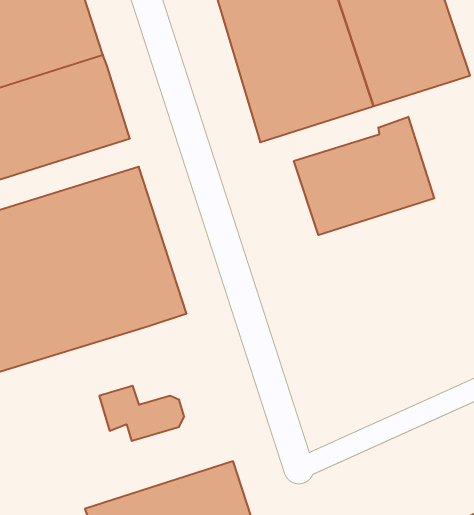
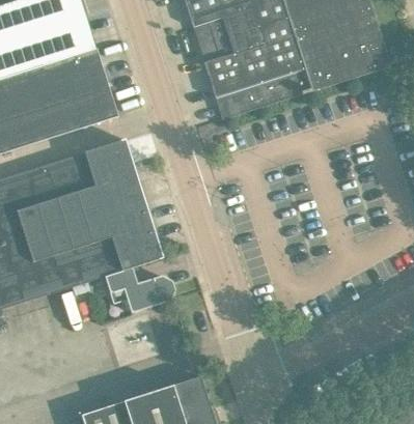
building: [294,117,434,235] -> none
building: [99,386,184,441] -> [105,267,173,312]

